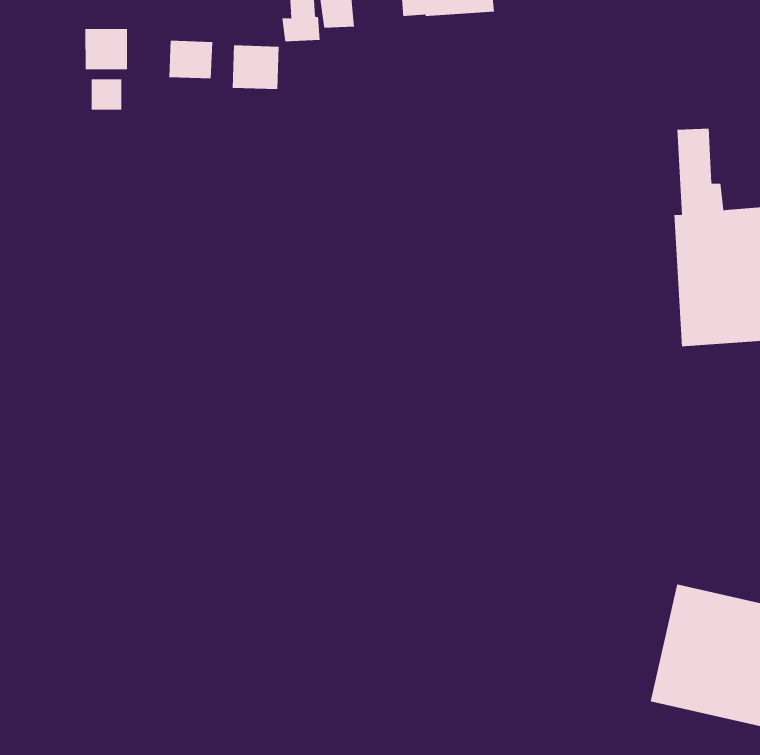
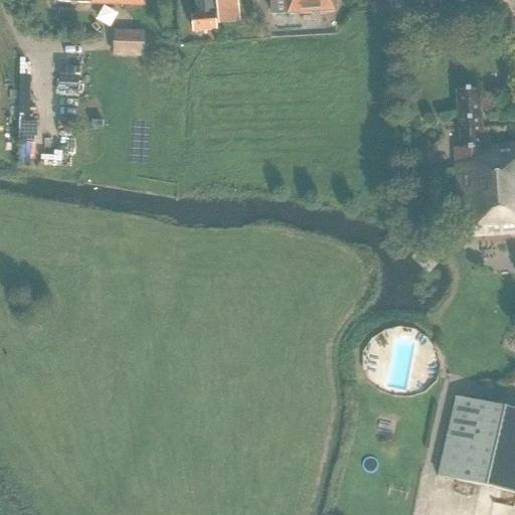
building: [85,28,128,70] -> none
building: [232,44,279,90] -> none

